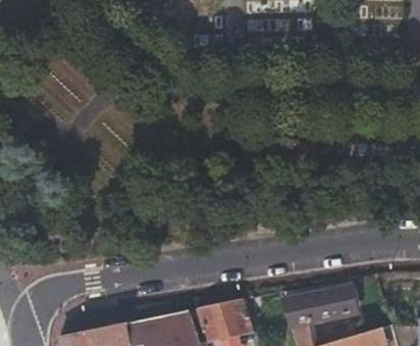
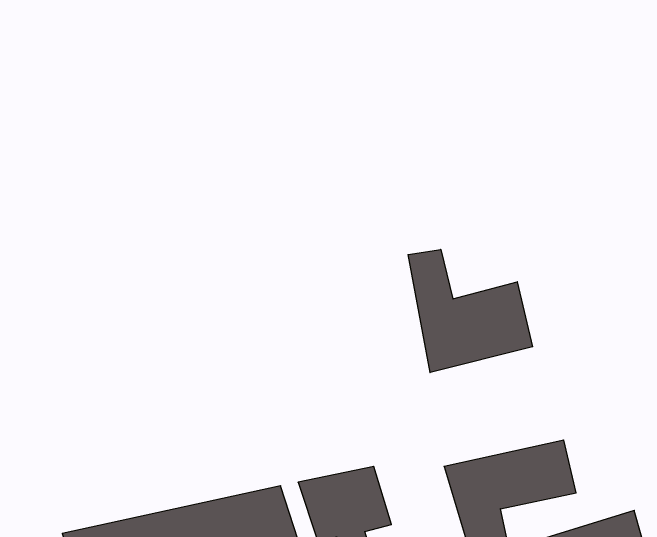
building: none -> [408,249,533,373]

